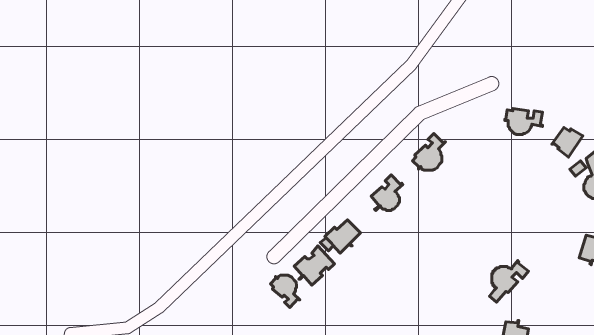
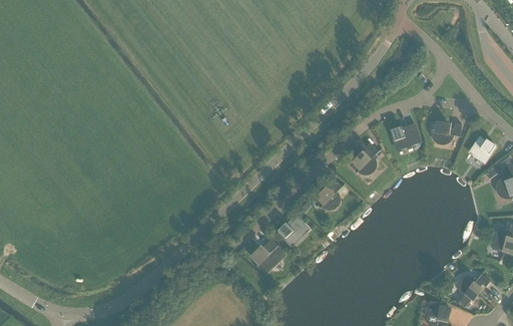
building: none -> [391,122,421,149]
building: [489,261,528,302] -> [458,272,491,307]
building: [270,275,300,307] -> none

